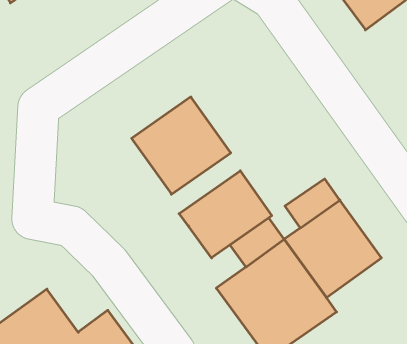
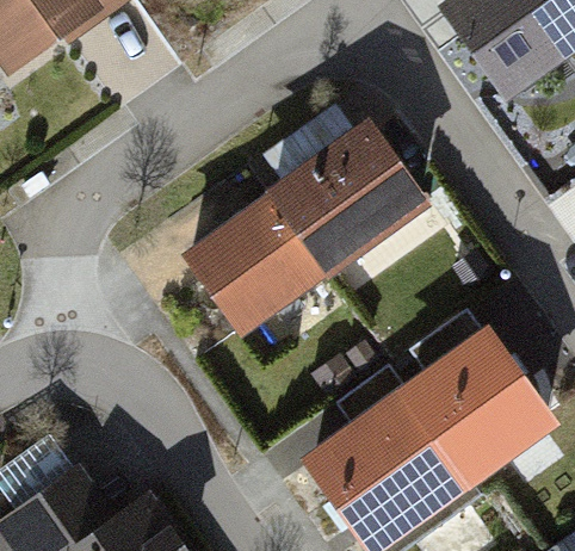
building: none -> [270,120,429,273]
building: [179,171,272,258] -> none

